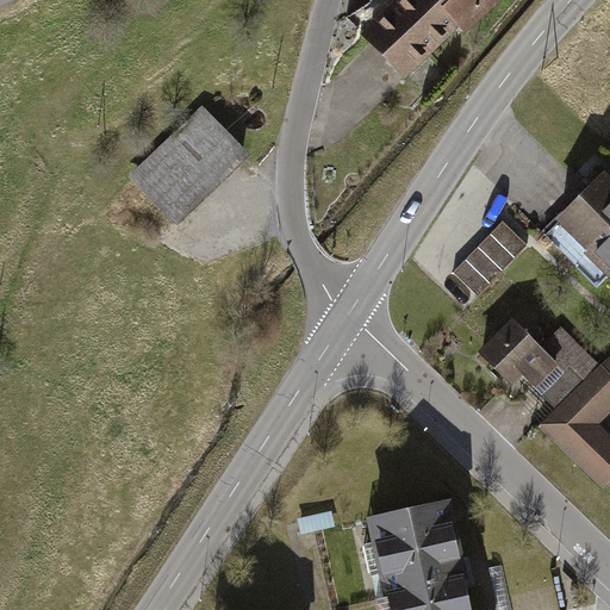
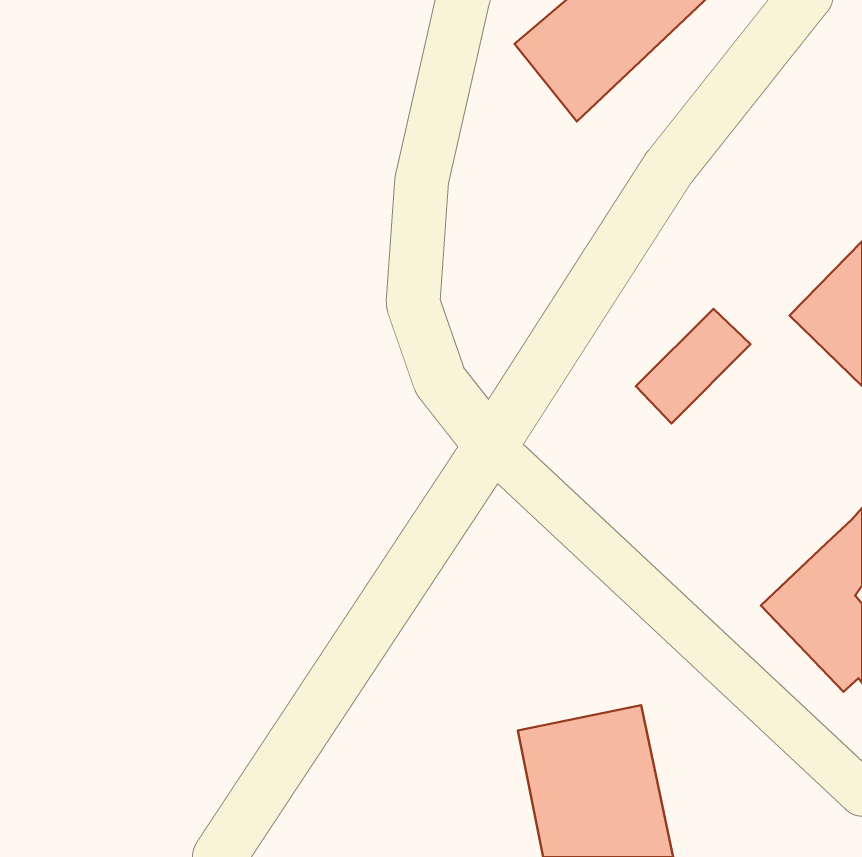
building: [132,104,255,220] -> none
building: [477,311,602,398] -> none

